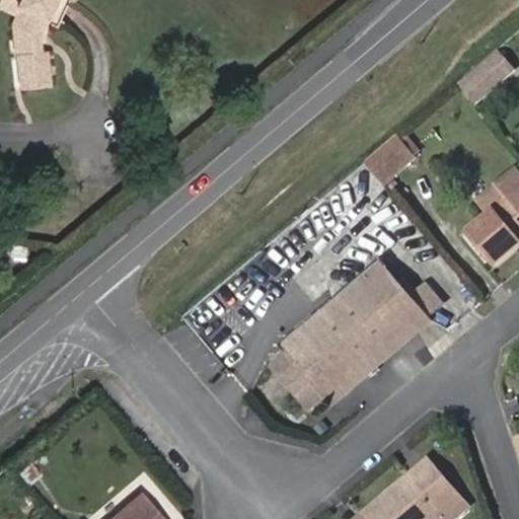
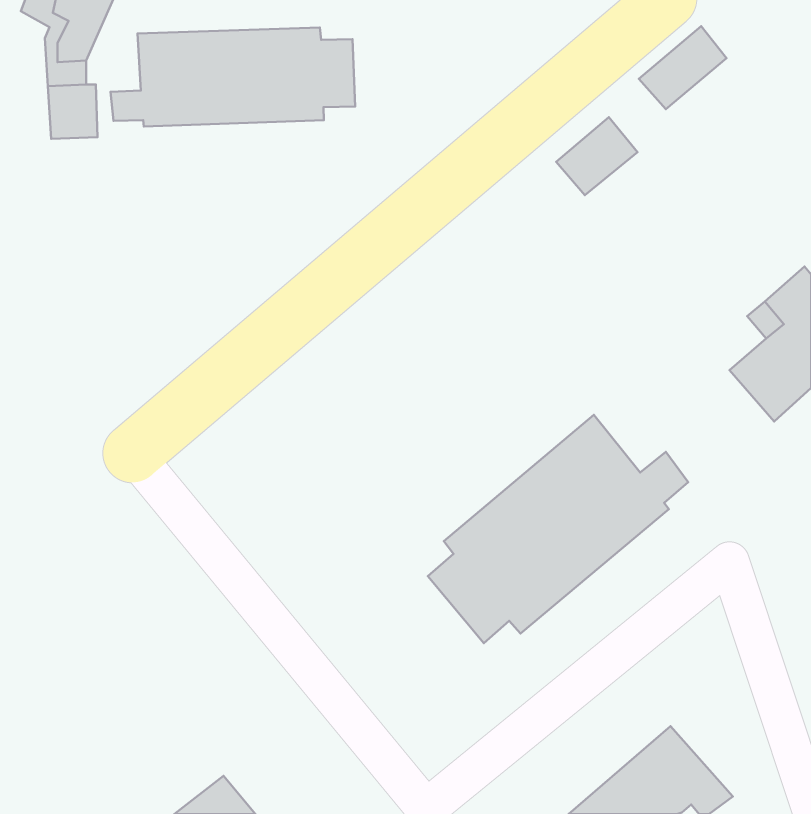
building: none -> [110,27,355,126]
building: [455,50,511,102] -> [639,26,727,109]
building: [362,134,414,183] -> [556,117,638,195]

